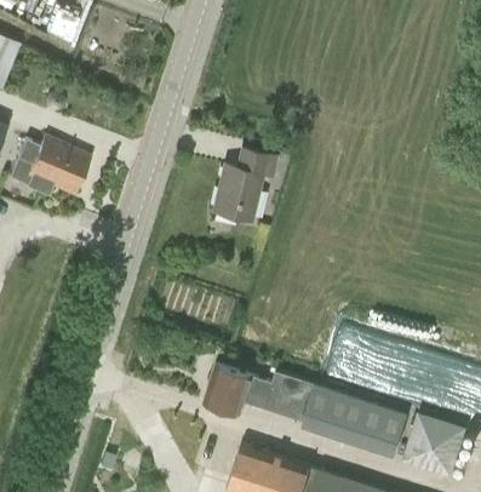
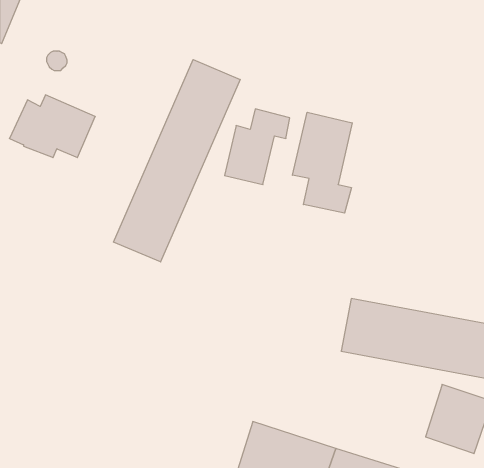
building: none -> [114,60,240,262]
building: none -> [292,112,352,213]
building: [204,365,407,456] -> none

